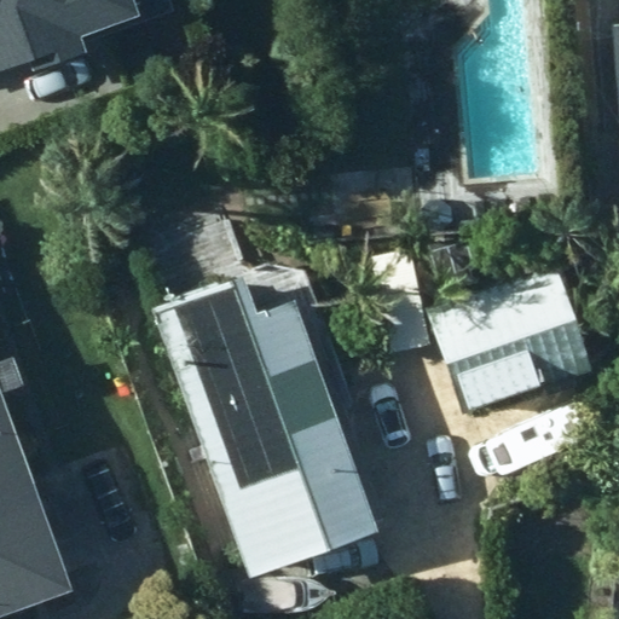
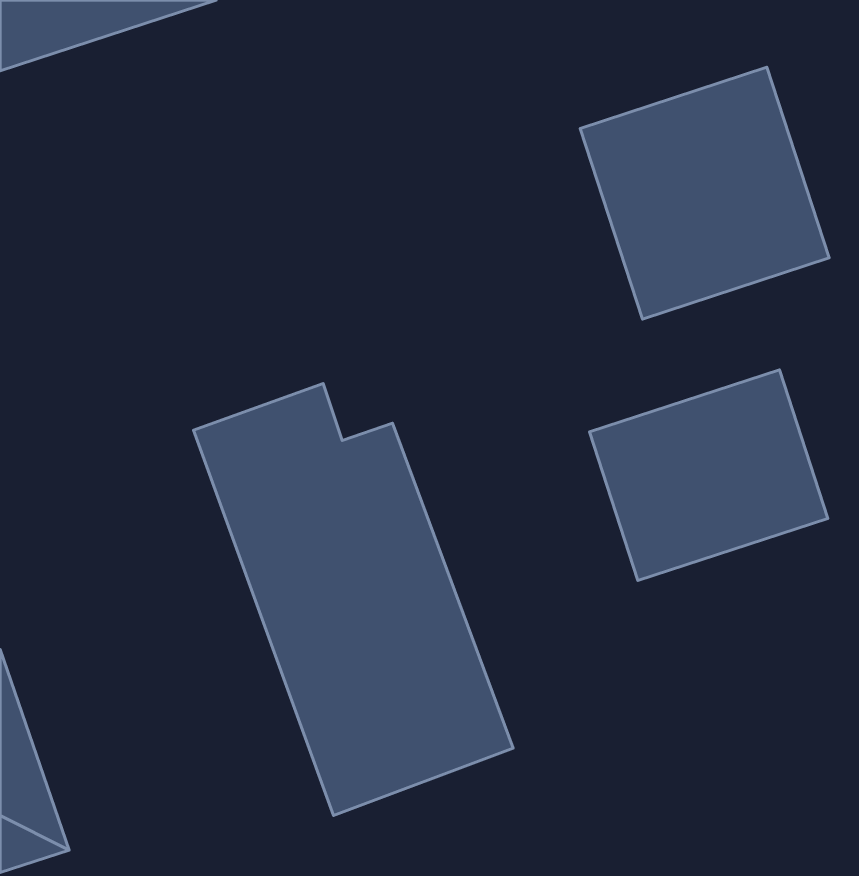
building: none -> [580,67,829,319]

